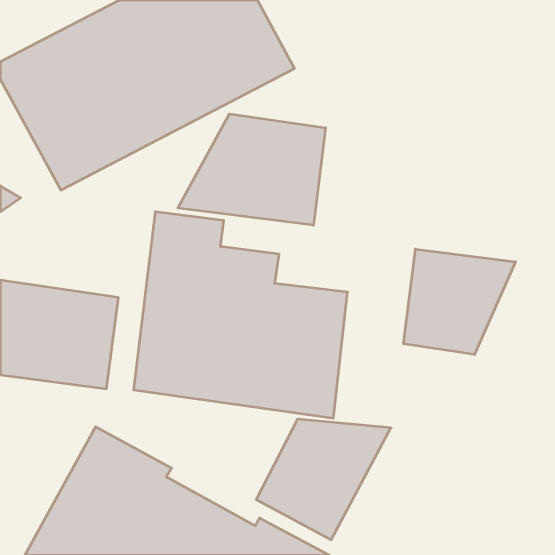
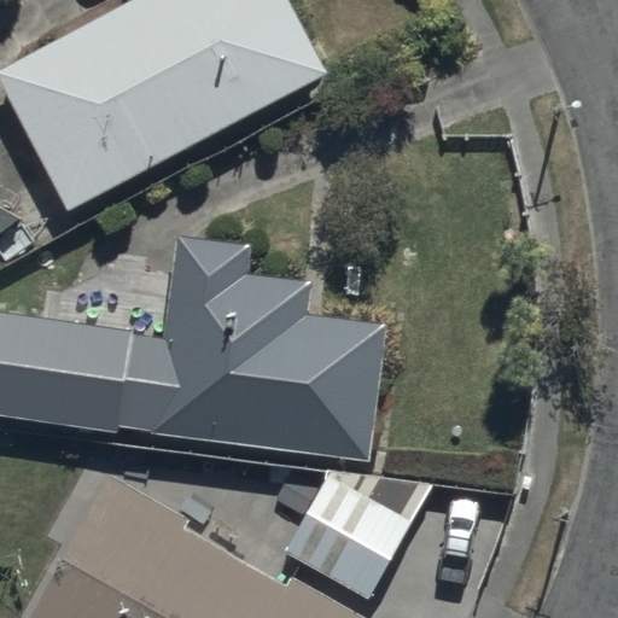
building: [178,114,326,225] -> none
building: [404,249,516,355] -> none

